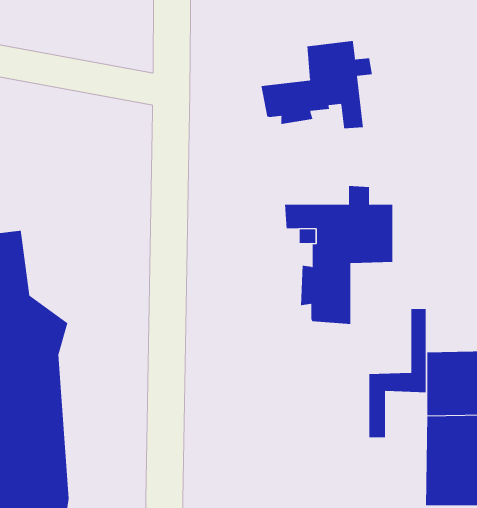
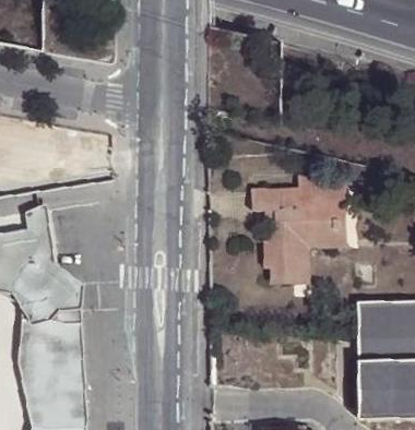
building: [261,40,373,129] -> none
building: [368,309,427,438] -> [298,188,342,285]

